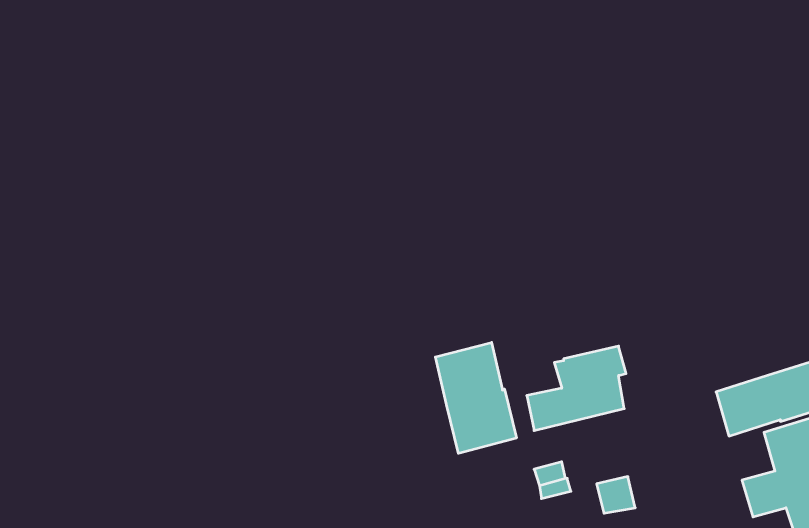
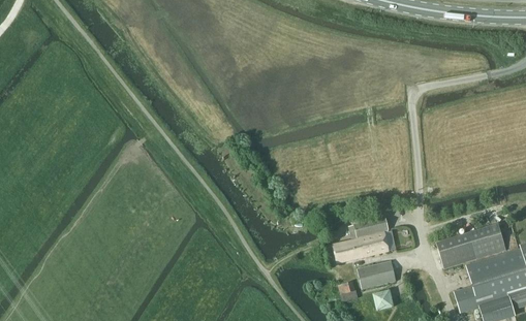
building: [435,342,516,453] -> none
building: none -> [357,260,396,289]

